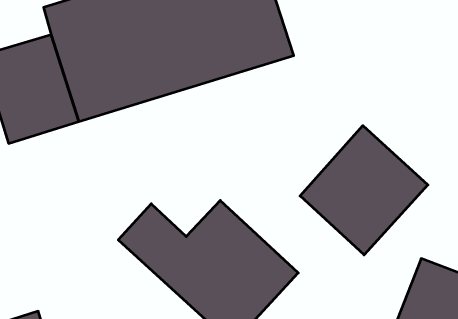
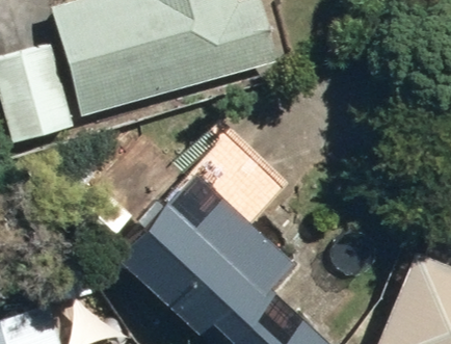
building: [300,126,428,255] -> none

